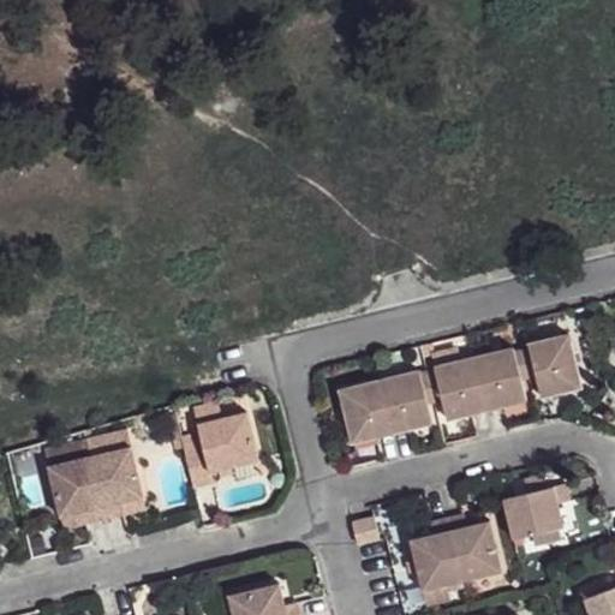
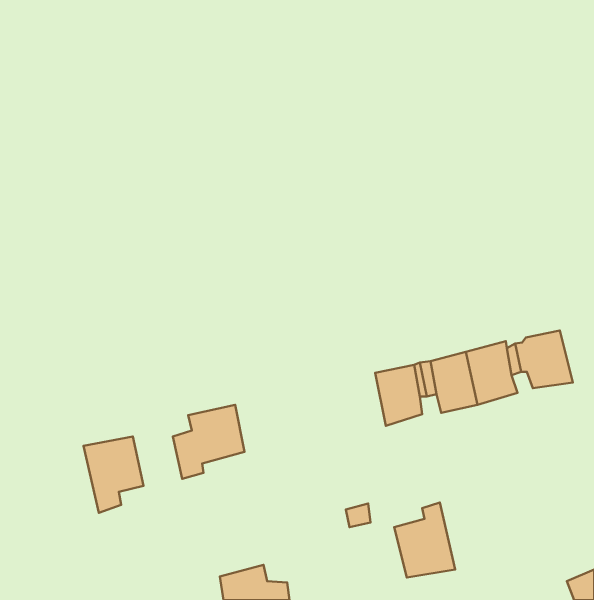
building: [340,381,394,446] -> none
building: [41,455,101,526] -> none
building: [504,480,571,537] -> none
building: [449,510,506,581] -> none

